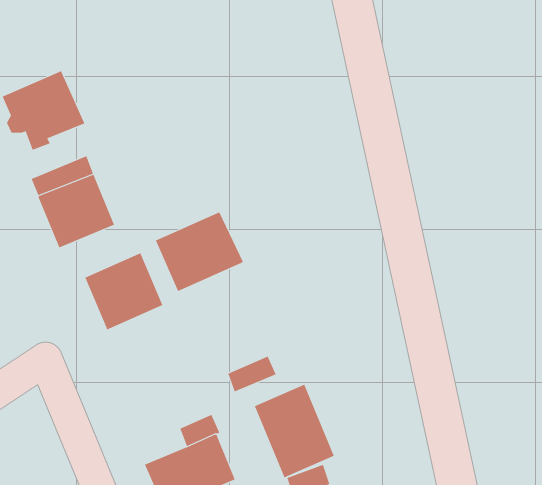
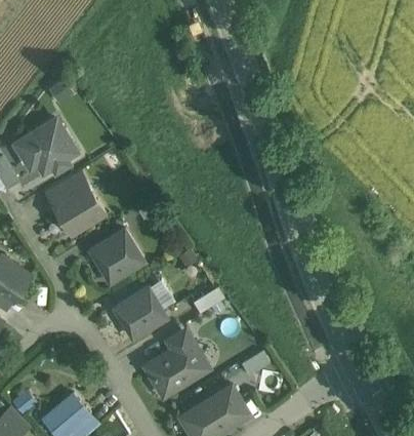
building: [155,212,243,292] -> none
building: none -> [116,289,167,340]
building: [254,384,334,478] -> none

